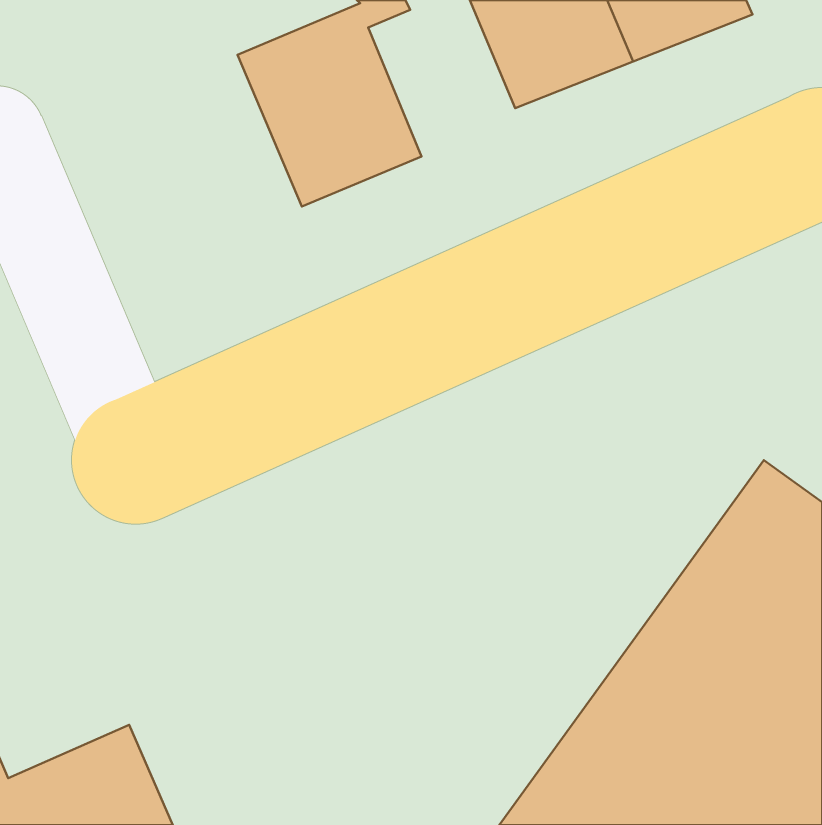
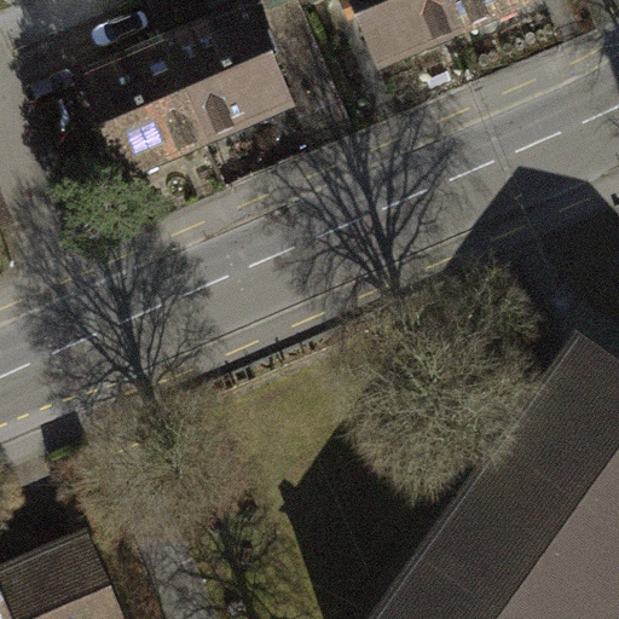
building: none -> [88,41,226,192]

